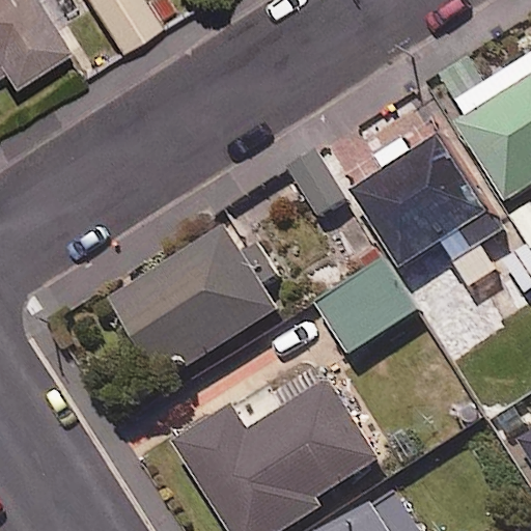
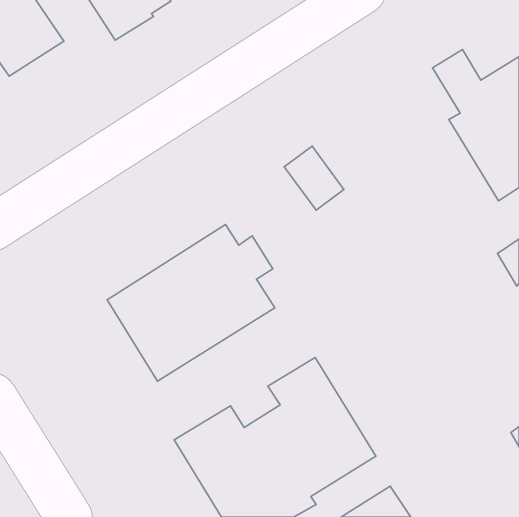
building: [348,132,501,284] -> none
building: [319,258,415,350] -> none

